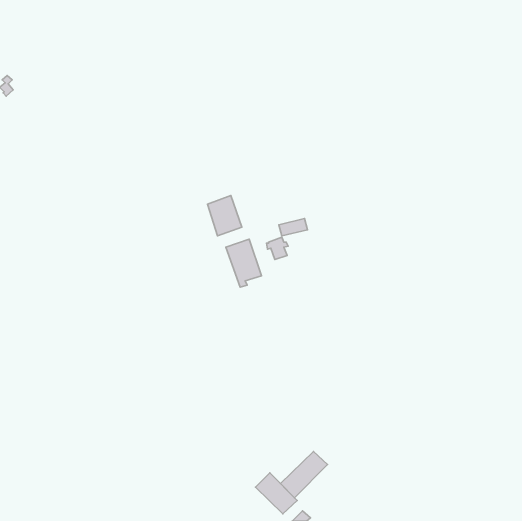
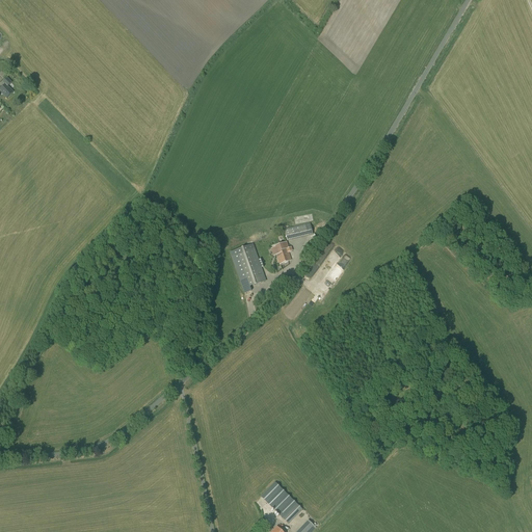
building: [207,195,242,236] -> none
building: [280,452,328,498] -> none

